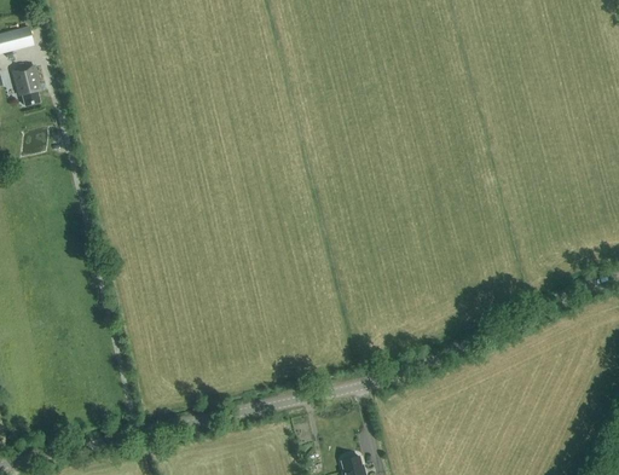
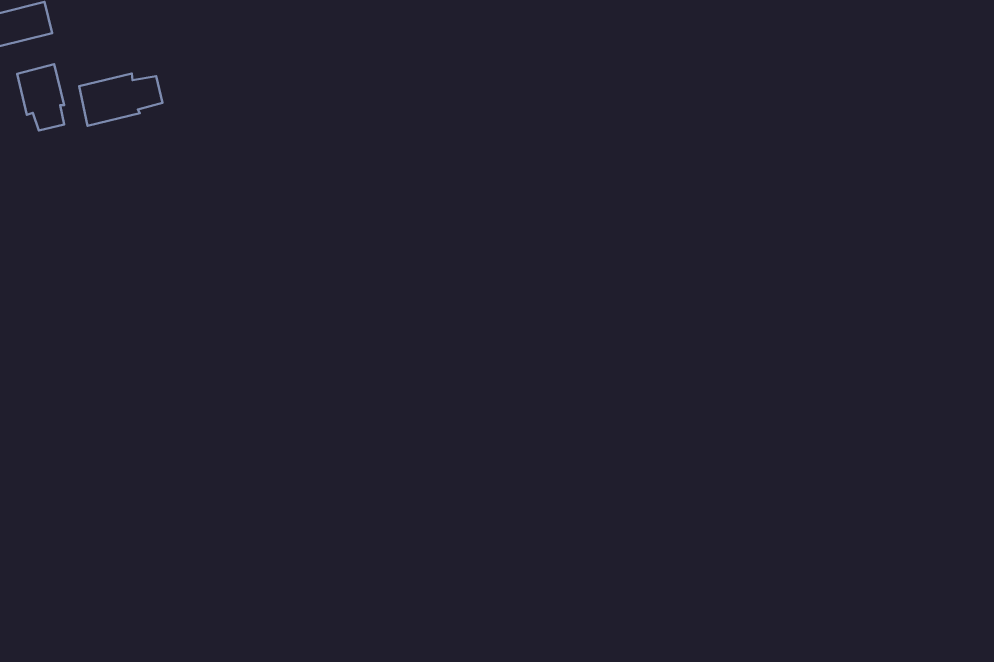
building: none -> [79,74,163,126]

